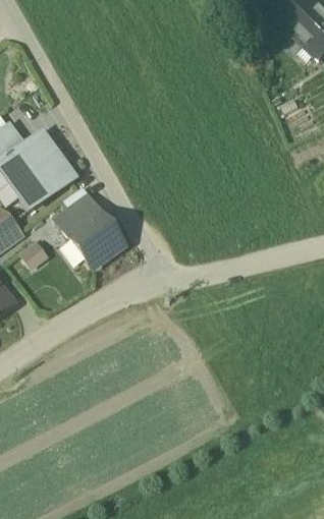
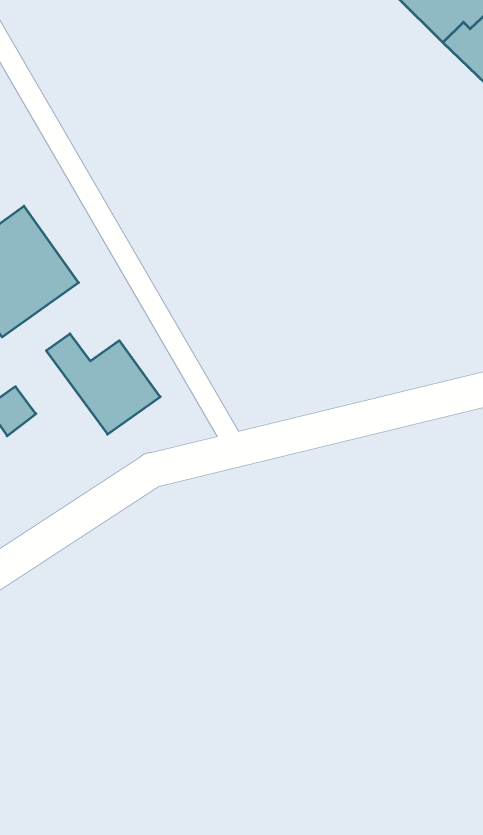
building: [65,186,101,224] -> none

